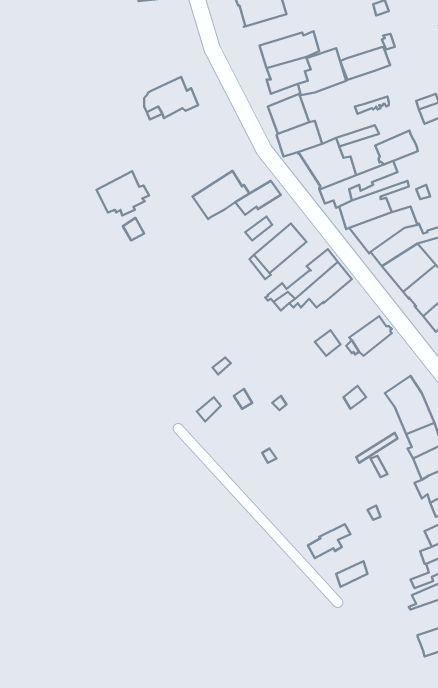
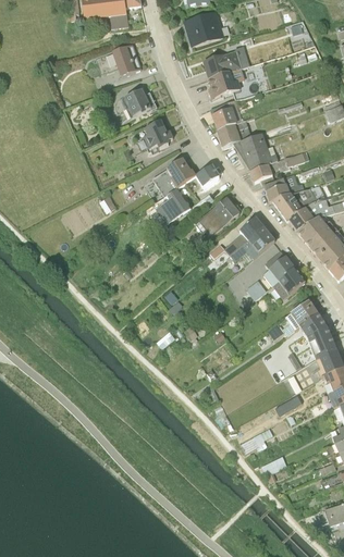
building: none -> [111,44,139,75]
building: [340,47,390,80] -> none
building: [375,130,418,165] -> none
building: [96,171,149,215] -> [132,119,172,152]
building: none -> [155,186,191,222]
building: none -> [262,249,294,284]
building: none -> [284,299,318,330]

